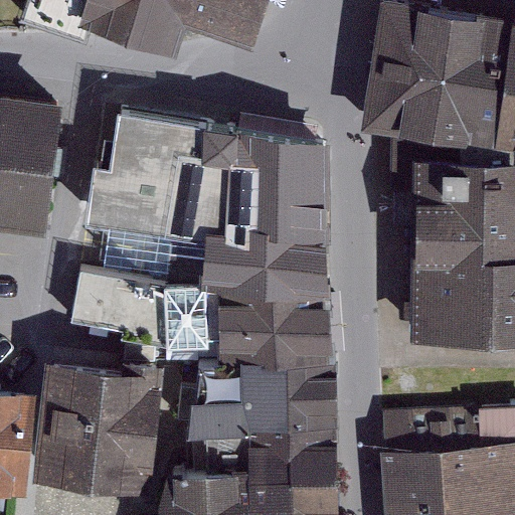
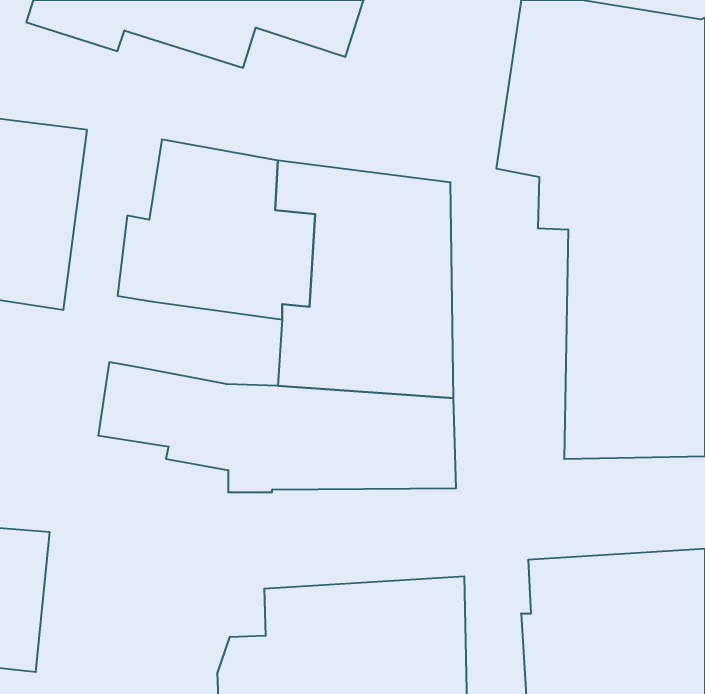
building: [103,228,205,290] -> none
building: [33,363,164,495] -> none
building: [189,364,338,438] -> none

